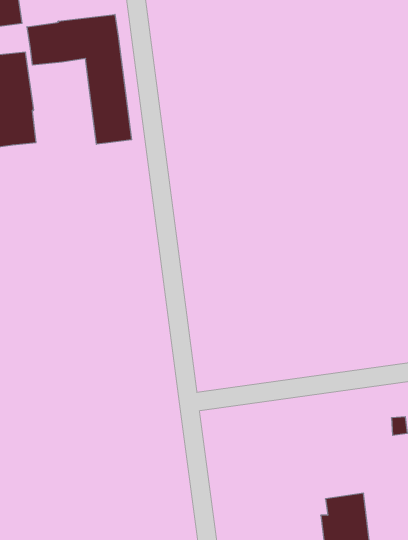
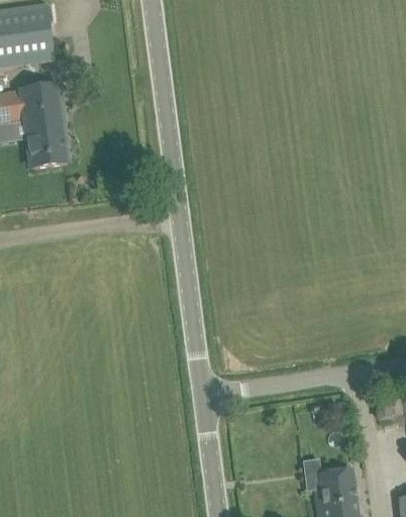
building: [27,14,132,144] -> none

